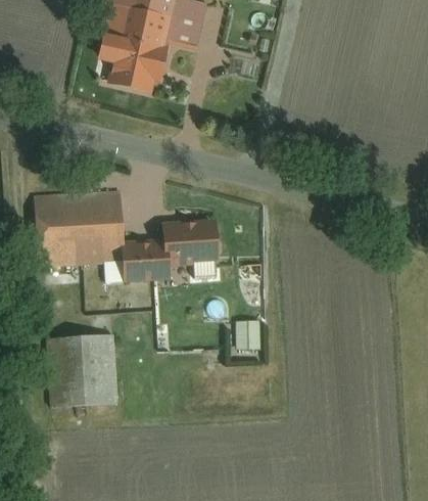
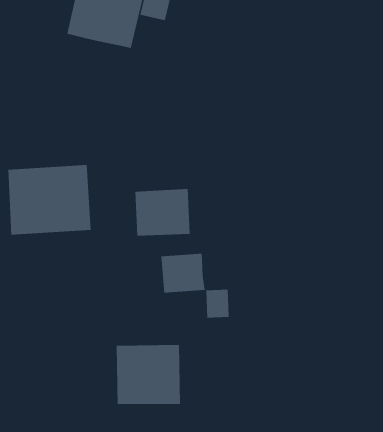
building: [114,64,152,96] -> none
building: [123,242,169,283] -> [160,253,205,293]
building: [49,338,115,400] -> [116,345,181,404]

